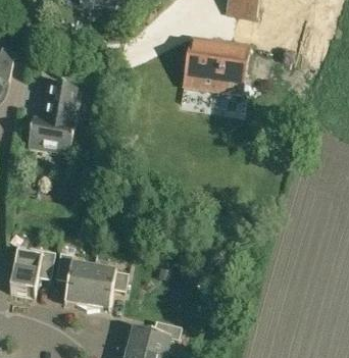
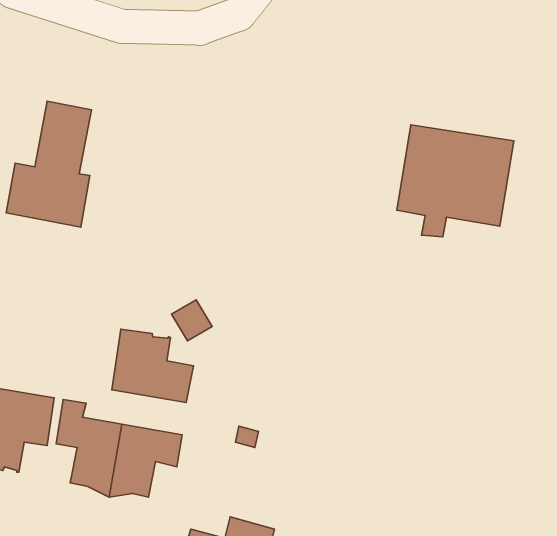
building: [182,35,249,99] -> [397,125,514,237]
building: none -> [112,329,193,403]

